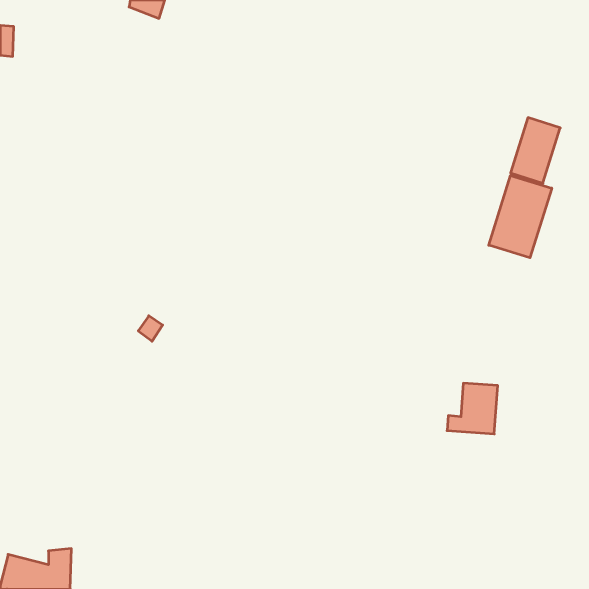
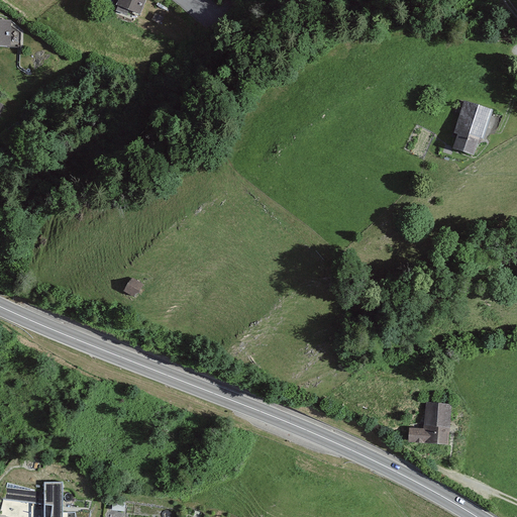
building: [489,176,552,258] -> none
building: [447,383,498,434] -> [409,400,453,444]

